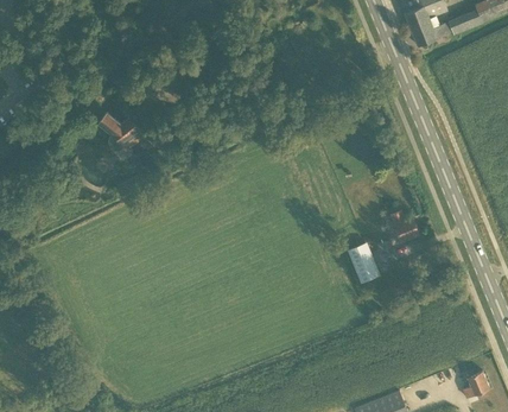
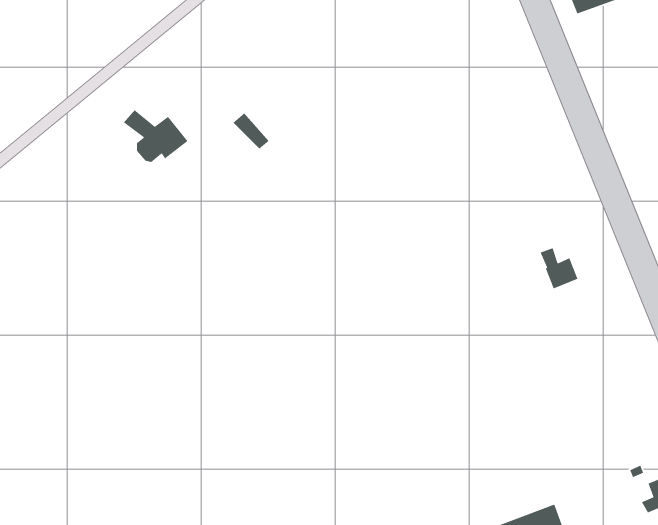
building: [350,240,381,279] -> none

